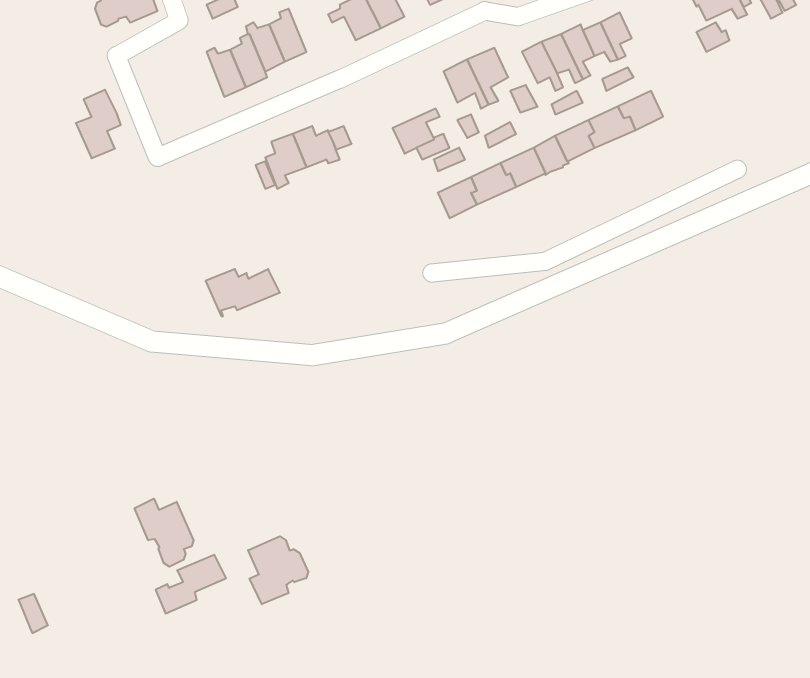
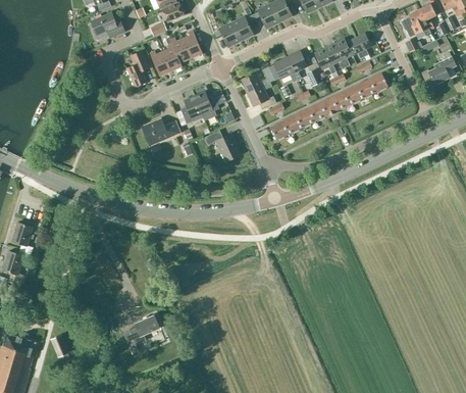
building: none -> [421,55,456,84]
building: none -> [241,65,274,92]
building: [76,90,121,158] -> [126,50,150,86]
building: none -> [205,130,240,159]
building: [206,269,280,316] -> [142,119,180,144]
building: [135,499,194,567] -> none
building: [248,536,308,604] -> none

